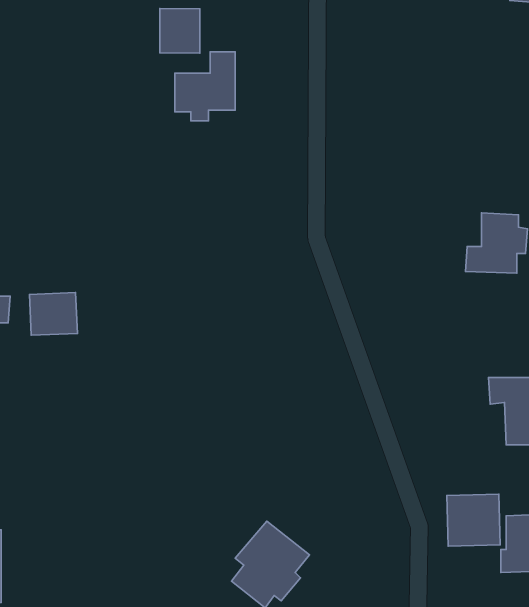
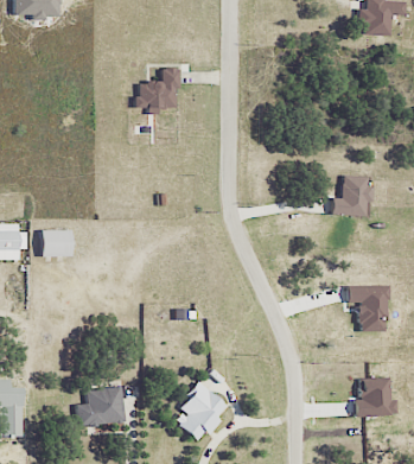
building: [160,9,200,53] -> none
building: [447,494,500,546] -> none
building: none -> [77,387,125,425]

